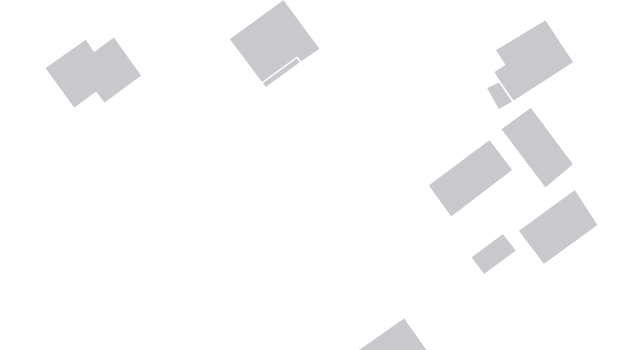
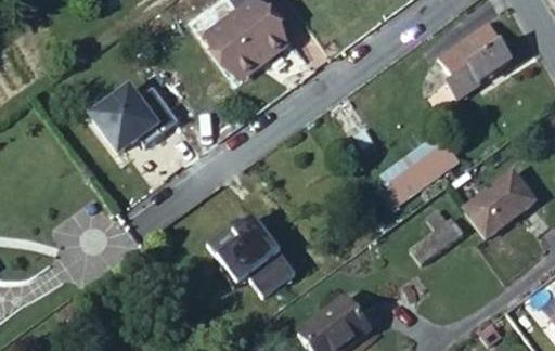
building: [45,36,142,108] -> [90,89,177,153]
building: [501,107,574,189] -> none
building: none -> [203,204,292,287]

